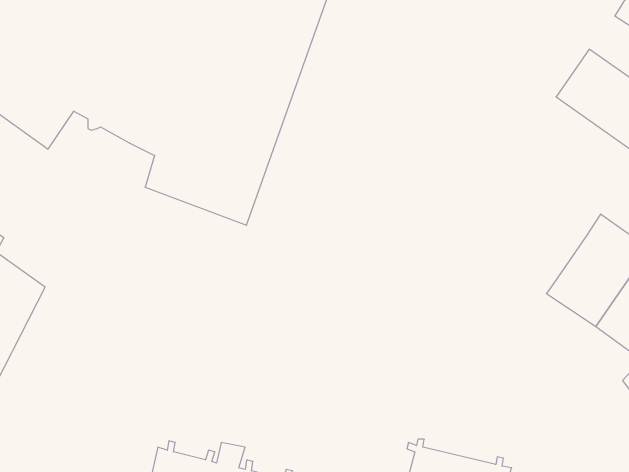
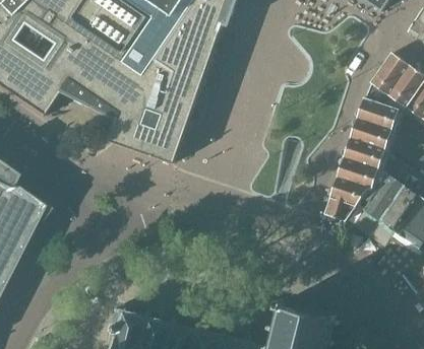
building: none -> [324,96,400,220]

